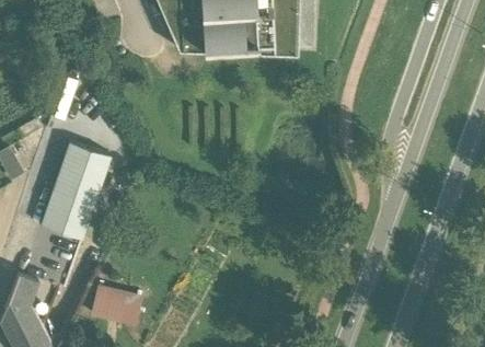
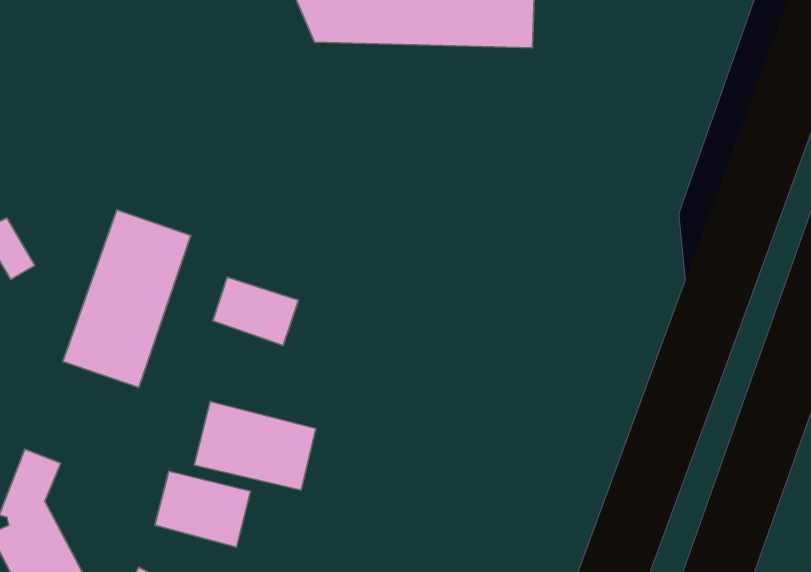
building: none -> [213,277,298,345]
building: none -> [194,402,316,490]

